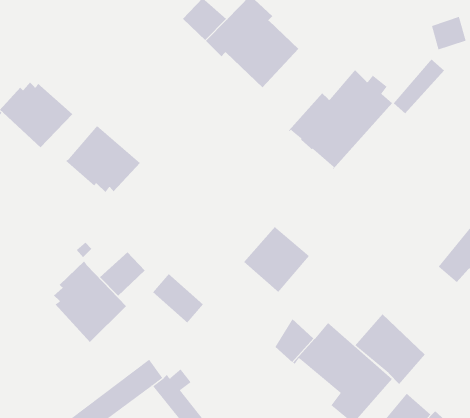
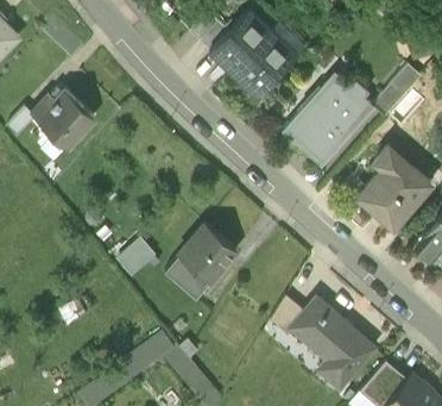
building: [65,125,141,193] -> none
building: none -> [359,149,431,229]
building: [243,226,310,293] -> [178,224,236,282]
building: [53,260,127,343] -> none
building: [354,314,426,385] -> none

